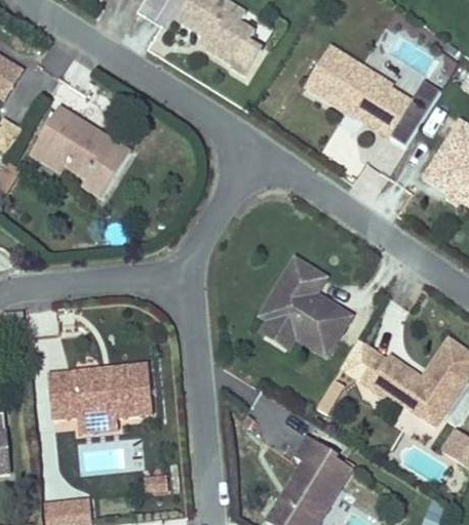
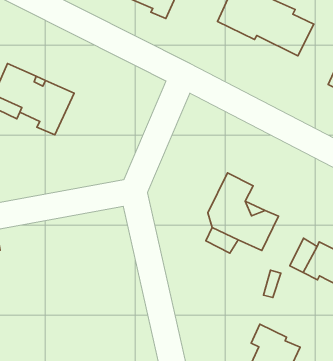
building: [48,358,151,417] -> none

